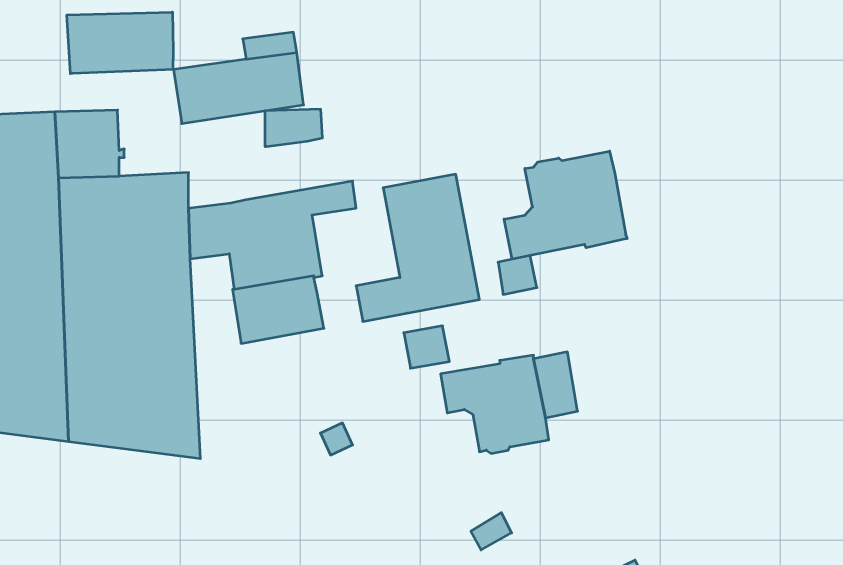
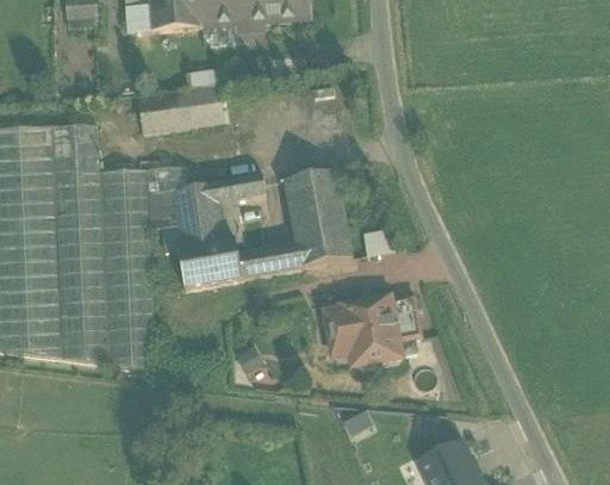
building: [67,12,173,74] -> none
building: [265,109,322,146] -> [145,167,186,193]
building: [504,151,627,259] -> none
building: [404,326,449,368] -> [236,248,268,278]

